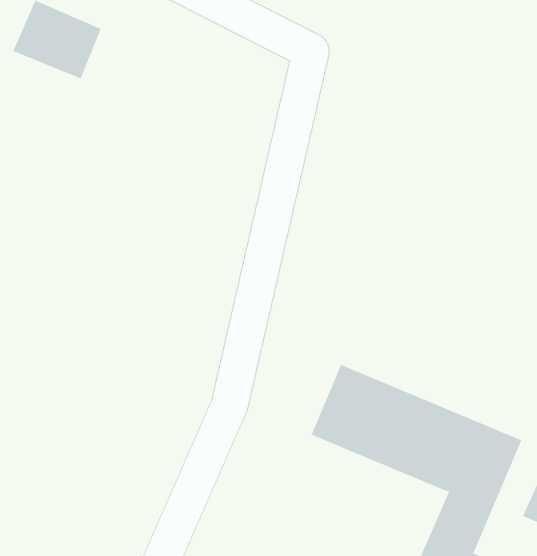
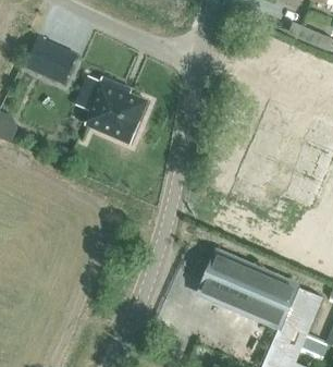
building: none -> [85,76,147,144]

